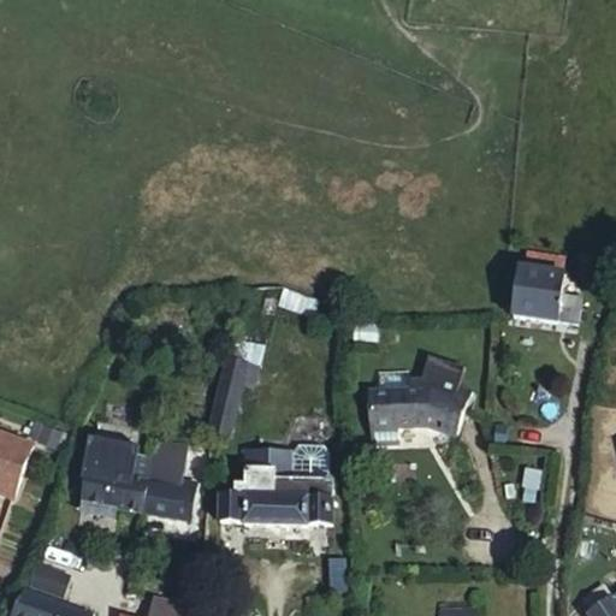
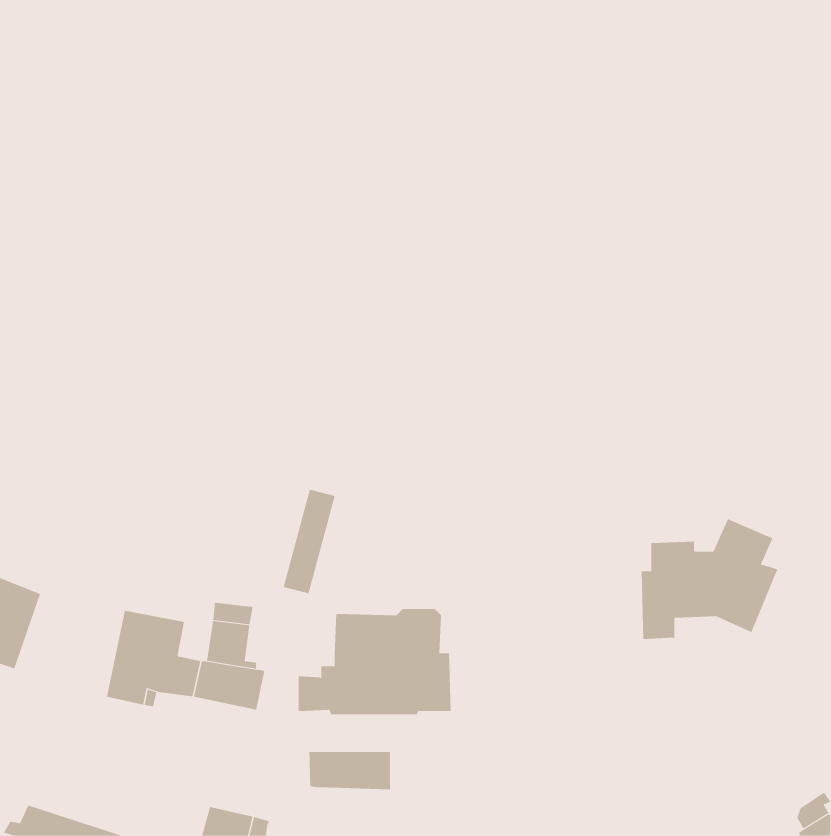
building: [511,267,580,324] -> none
building: [369,351,470,440] -> [641,518,778,639]
building: none -> [309,751,391,790]

